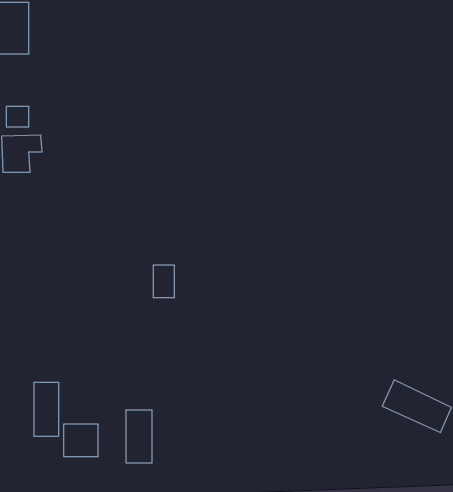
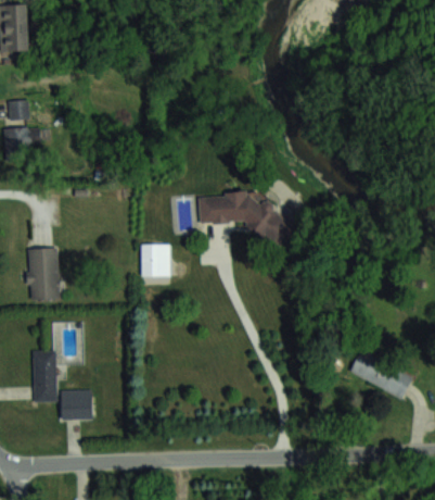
building: none -> [200,195,291,240]
building: none -> [27,248,61,300]
building: [126,410,152,463] -> none

